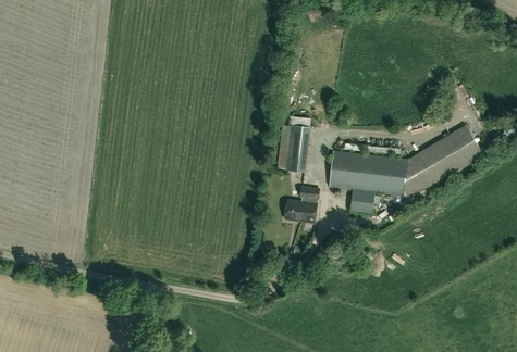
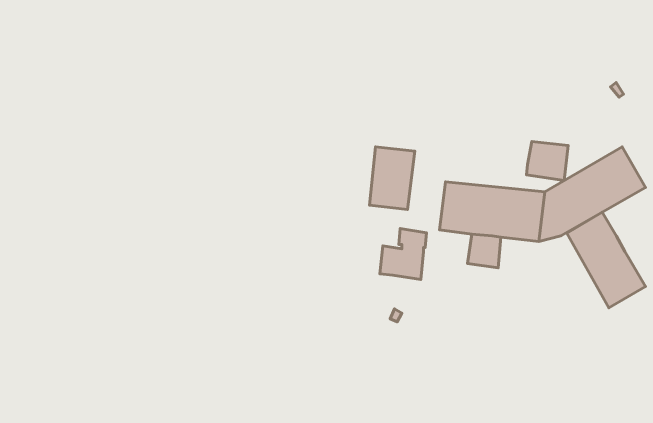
building: none -> [527,142,568,181]
building: none -> [567,212,645,308]

